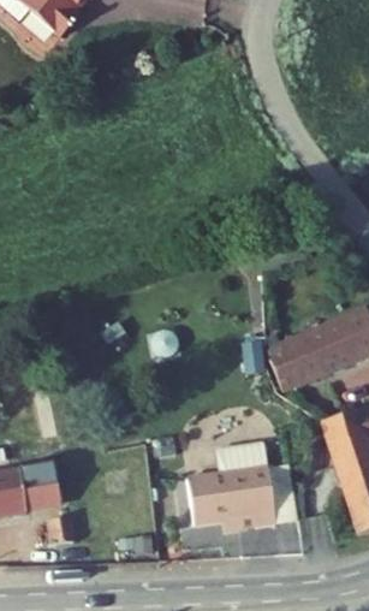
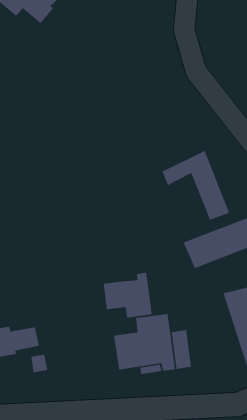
building: none -> [162,150,230,221]
building: none -> [103,272,153,319]

